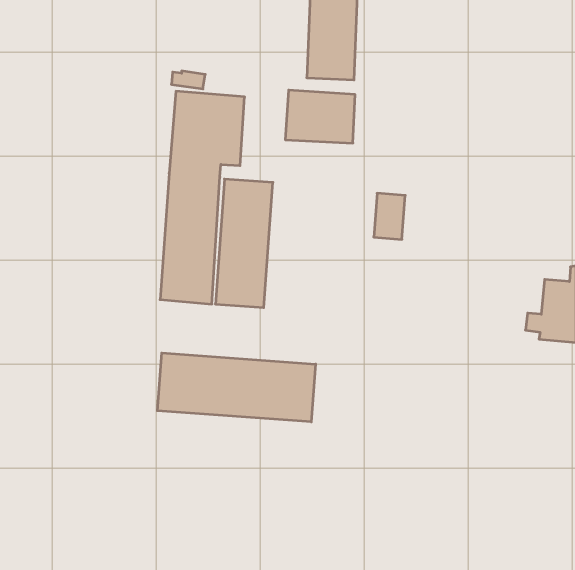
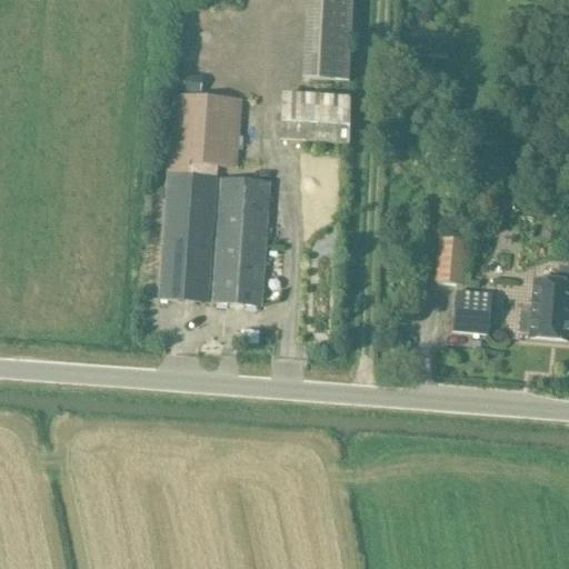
building: [374,193,405,239] -> [437,236,468,281]
building: none -> [453,288,491,331]
building: [157,353,316,422] -> none

